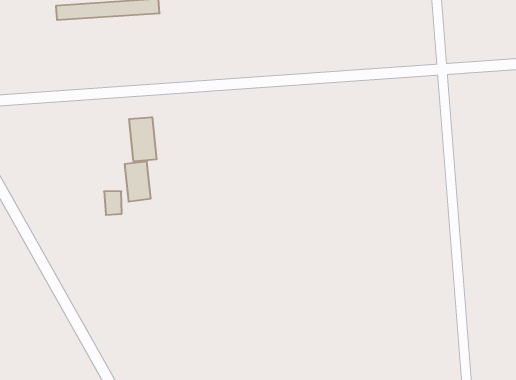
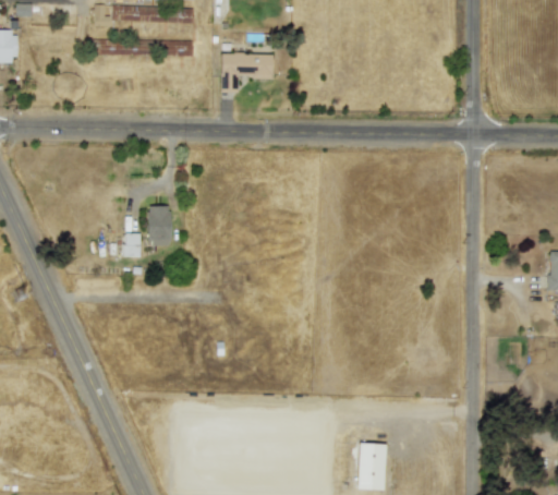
building: none -> [221,52,274,88]
building: [129,117,156,161] -> none

